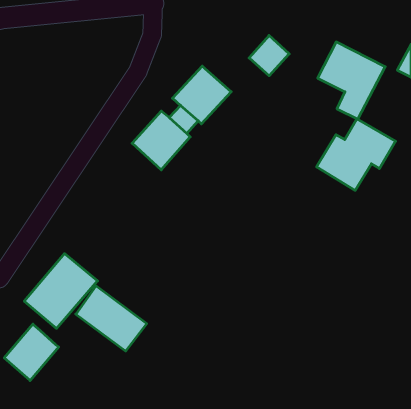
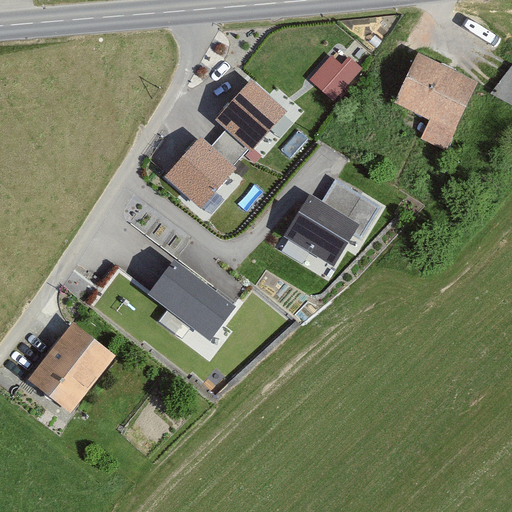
building: [317,119,396,190] -> [285,177,383,266]
building: [76,286,147,351] -> [147,261,235,342]
building: [4,324,59,381] -> none

